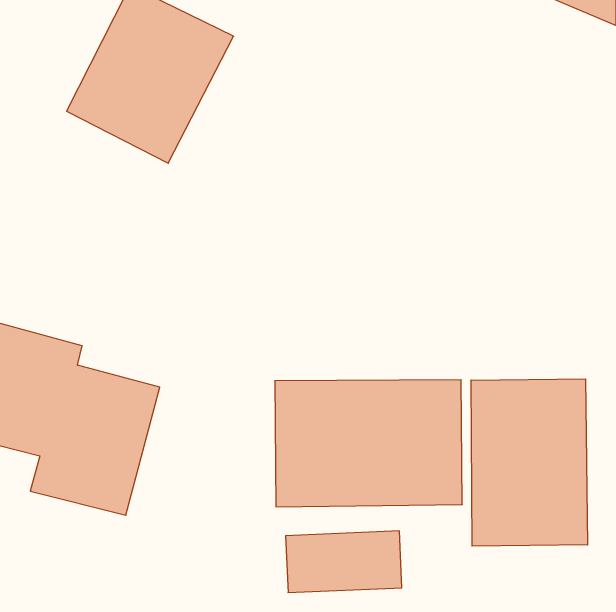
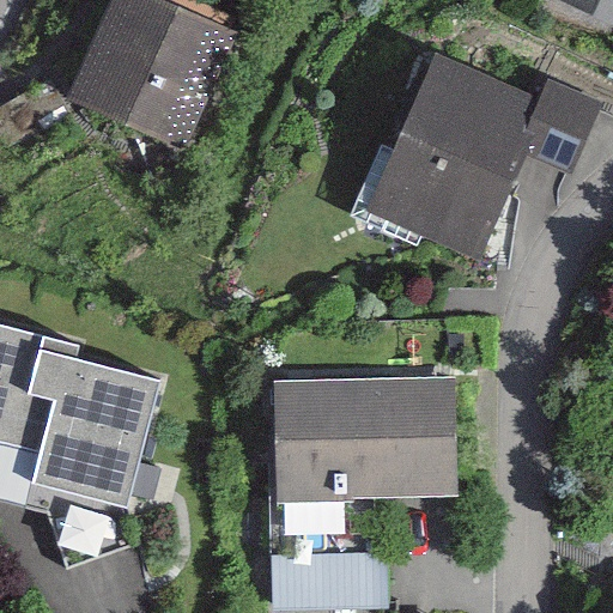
building: none -> [360,49,601,262]
building: [471,379,588,546] -> none

